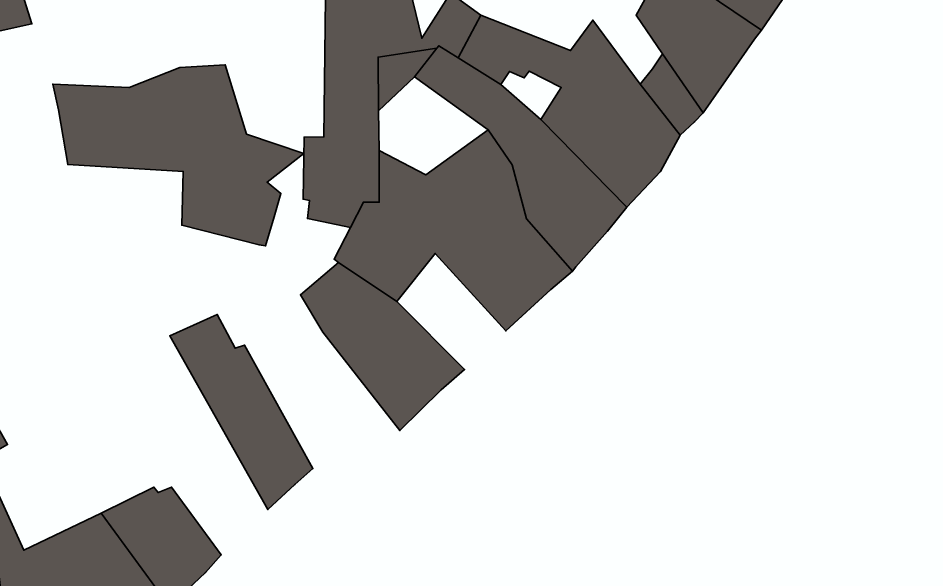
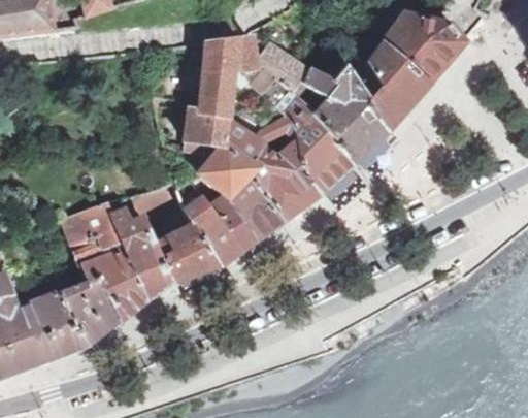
building: [53,65,304,246] -> none
building: none -> [226,178,280,239]
building: none -> [132,182,220,283]
building: none -> [64,204,146,321]

